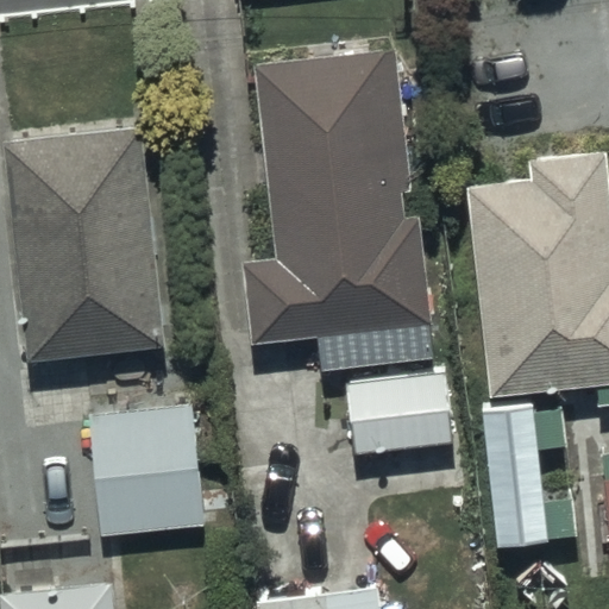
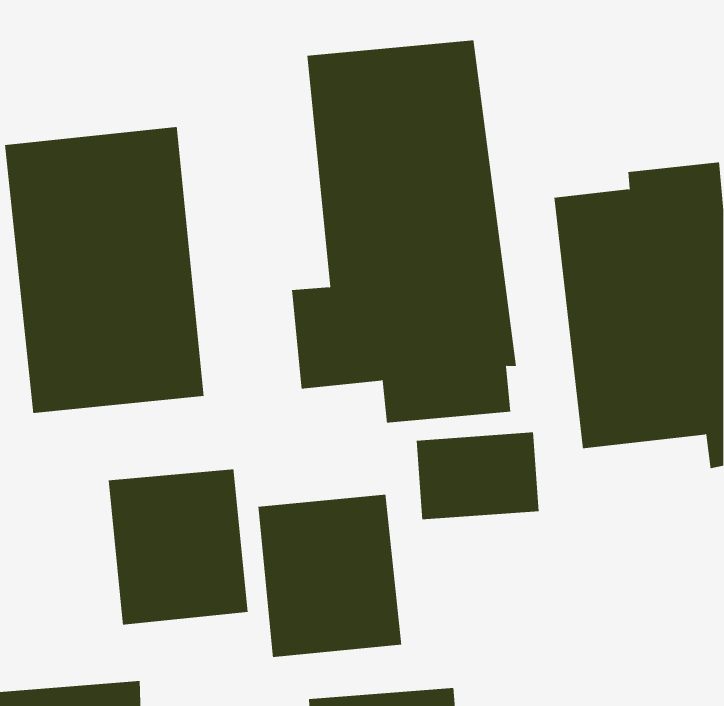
building: [481,404,575,545] -> none
building: none -> [258,494,402,658]

